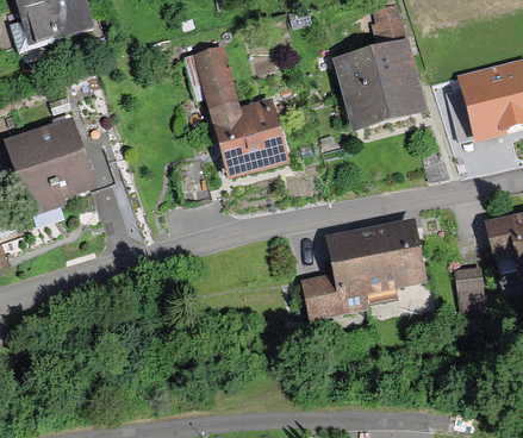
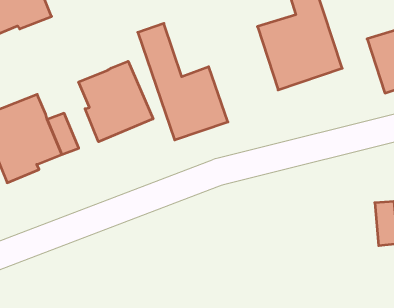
building: none -> [79,61,153,142]
building: [299,220,424,319] -> none

